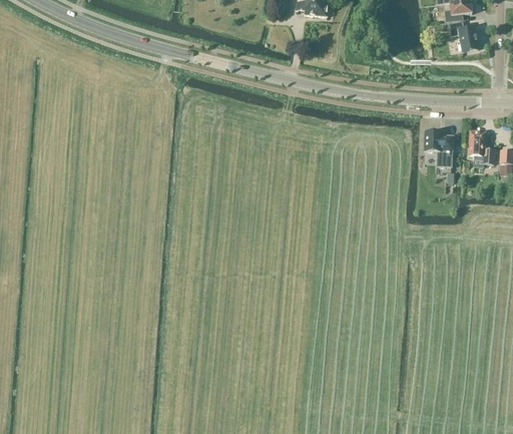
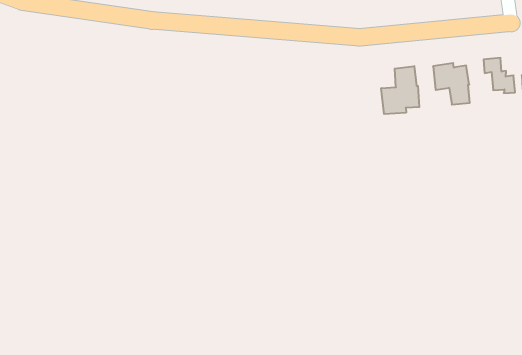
building: none -> [381,66,419,114]

